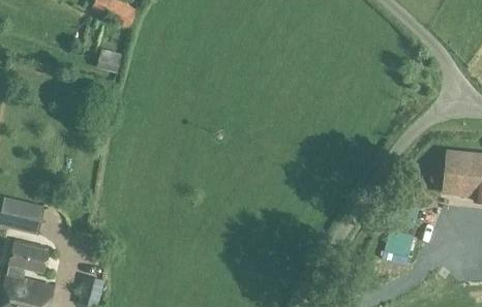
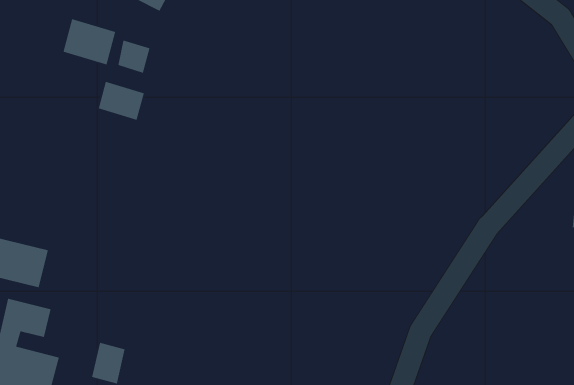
building: none -> [63,18,116,65]
building: none -> [98,81,145,121]

